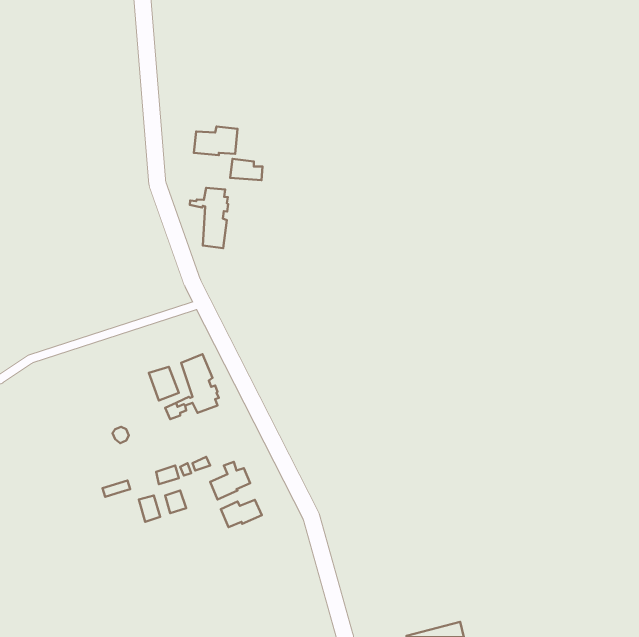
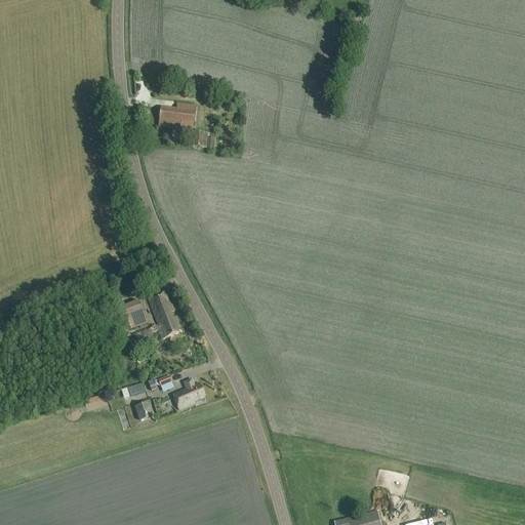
building: [190,188,228,248] -> none
building: [221,500,262,527] -> none

